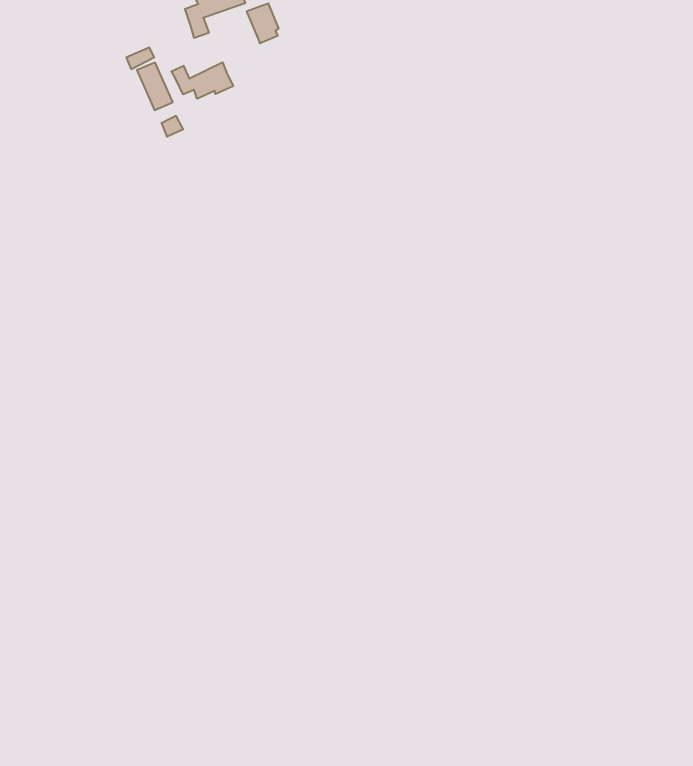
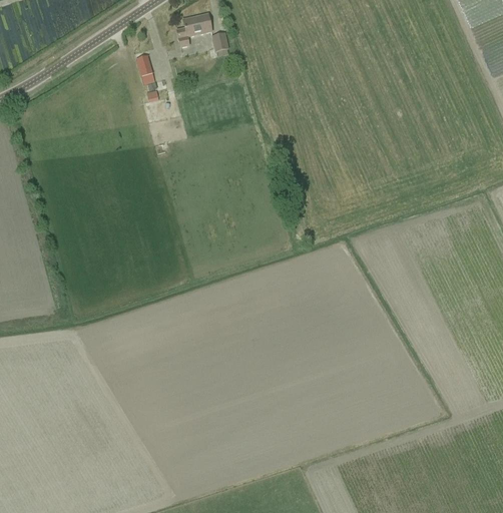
building: [171,62,233,99] -> none

